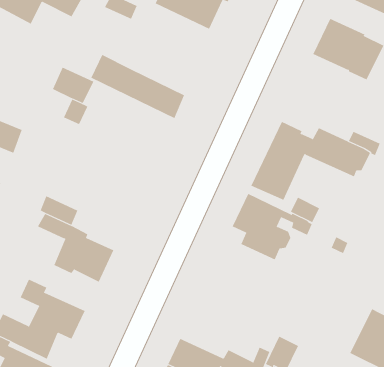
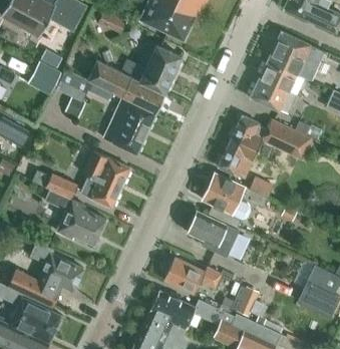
building: none -> [120,41,181,94]
building: none -> [250,61,296,114]
building: none -> [27,62,61,96]
building: none -> [103,98,154,154]
building: none -> [80,151,129,208]
building: none -> [187,212,238,257]
building: none -> [164,258,221,295]

